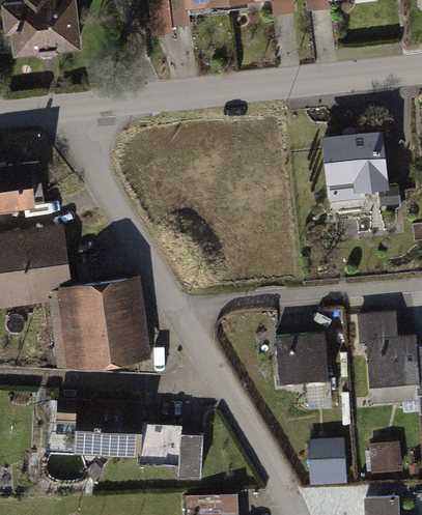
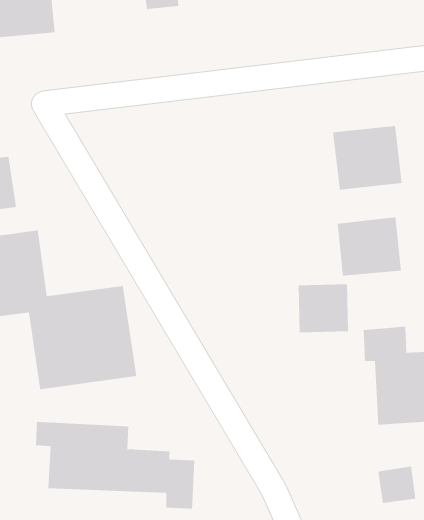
building: none -> [337,217,402,276]
building: [276,338,322,382] -> [298,284,349,333]
building: [308,442,348,482] -> none

